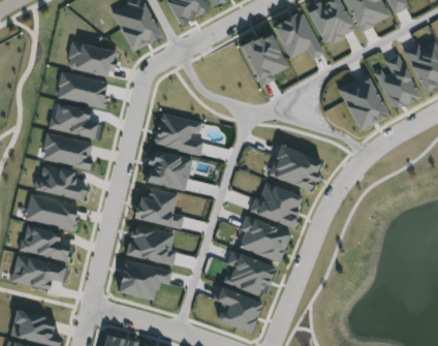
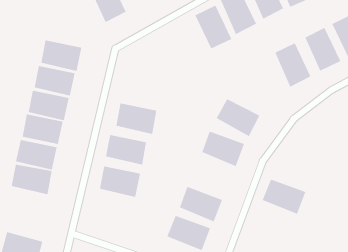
building: [67,39,119,77] -> none
building: [154,113,205,150] -> none
building: [237,219,290,262] -> [262,179,306,215]
building: [13,256,65,293] -> none
building: [117,262,168,300] -> none

